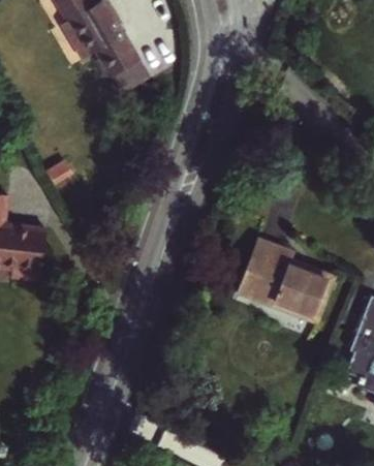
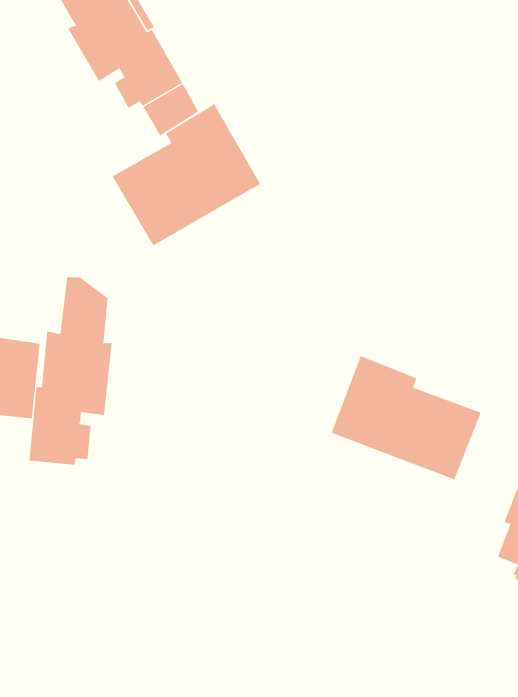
building: none -> [112,103,261,246]
building: none -> [29,276,112,466]

